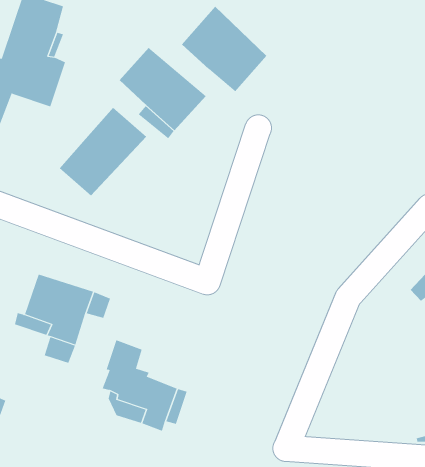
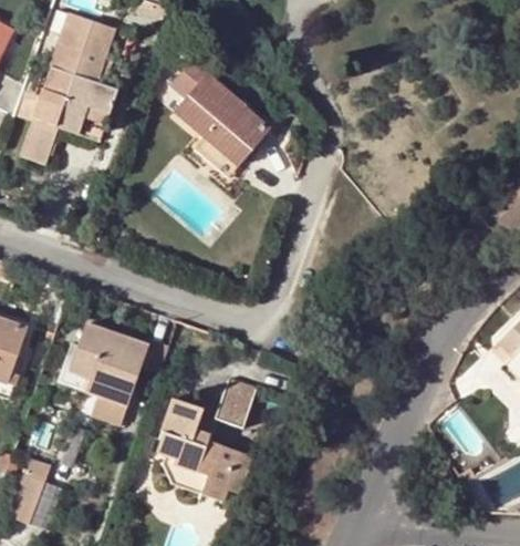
building: [181,6,267,92] -> none
building: [59,107,147,196] -> none
building: none -> [215,379,256,425]

